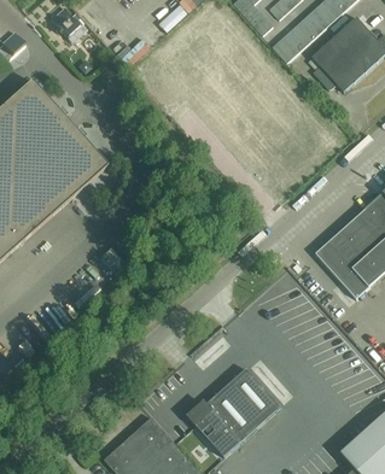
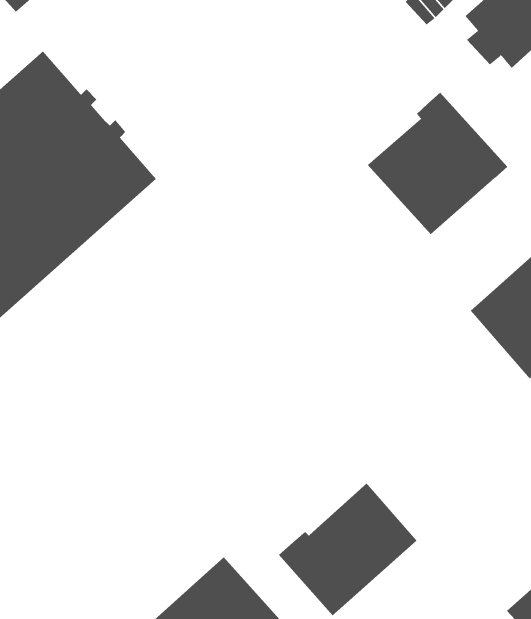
building: none -> [367,92,508,235]

